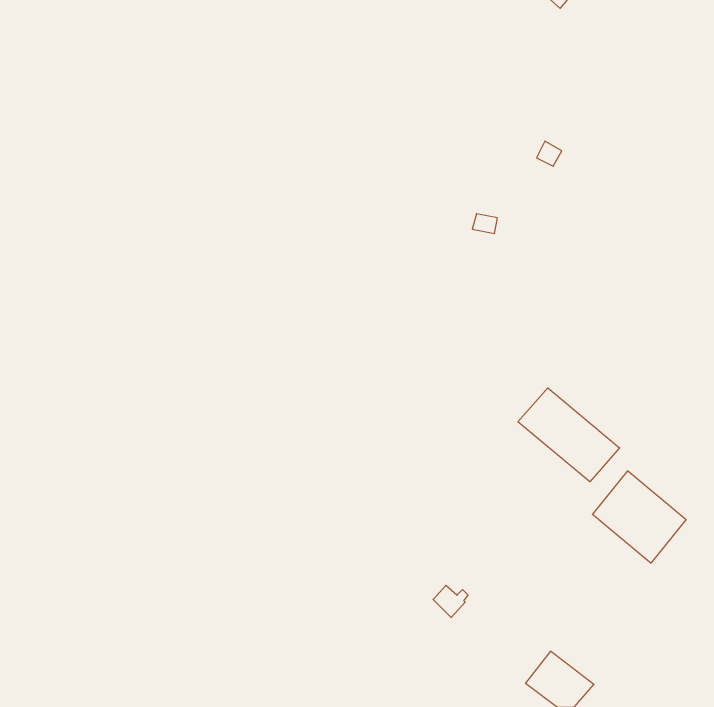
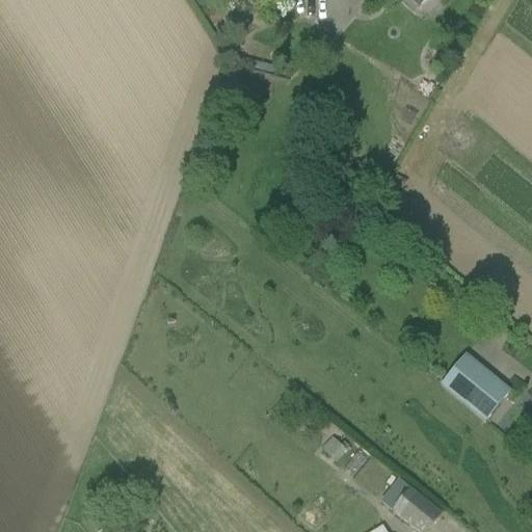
building: [518,388,620,482] -> none

